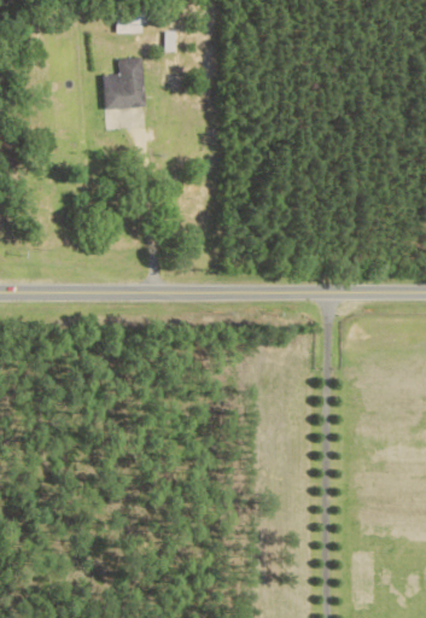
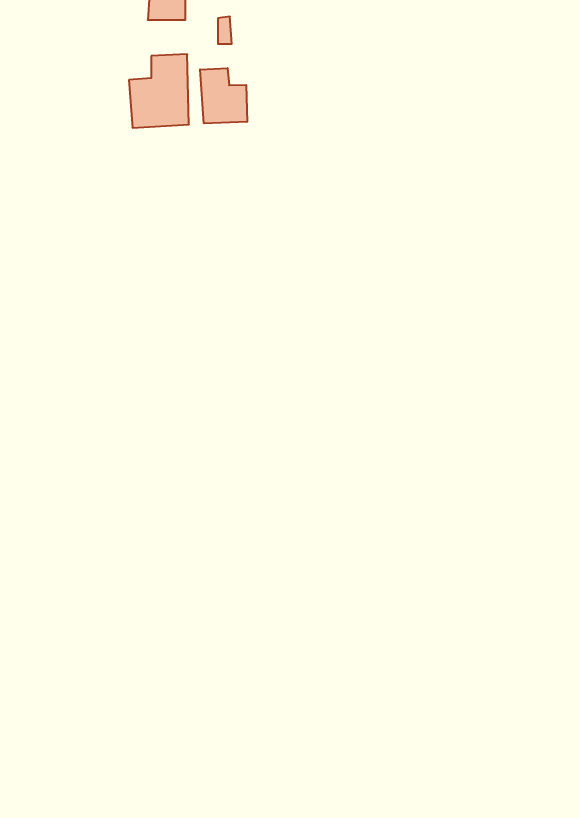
building: none -> [200,68,247,123]

